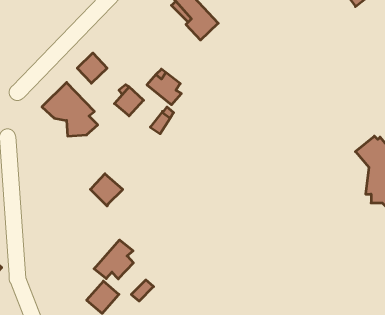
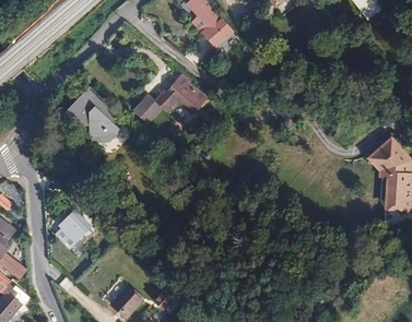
building: [77,53,107,83] -> none
building: [90,174,123,206] -> [60,210,92,241]
building: [94,240,133,279] -> none

